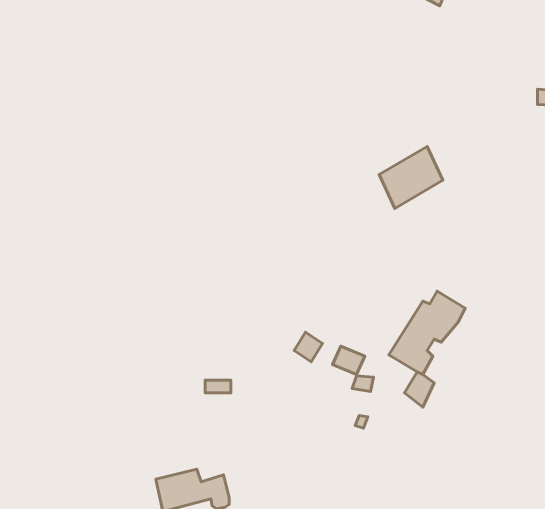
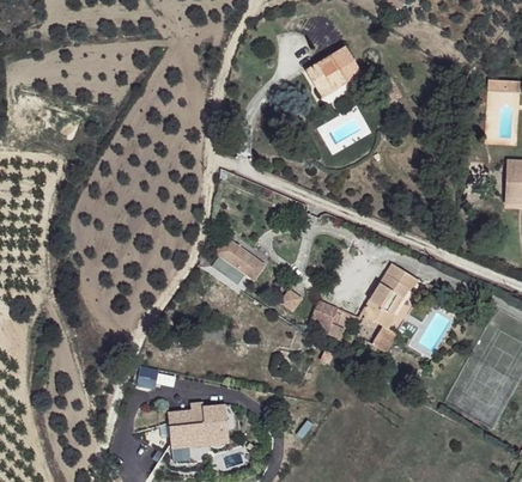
building: [379,146,443,209] -> [301,45,354,98]
building: none -> [221,250,262,286]

